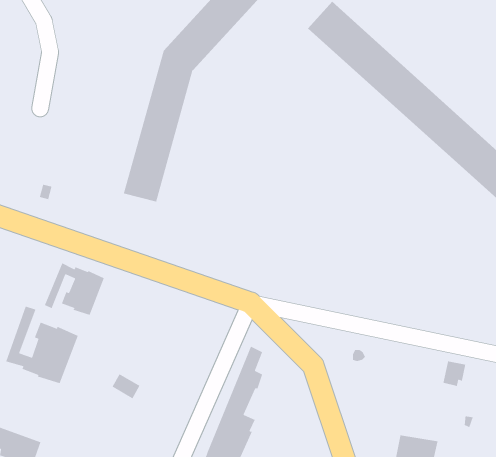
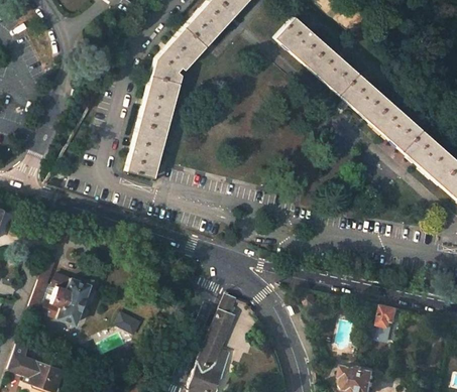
building: [44,262,105,316] -> none

